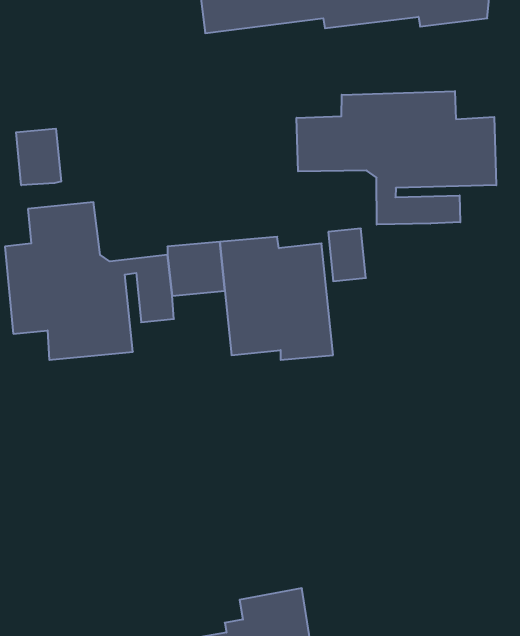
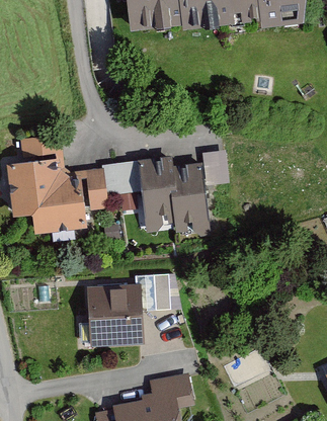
building: [297,91,496,225] -> none
building: [16,129,61,185] -> none
building: none -> [89,275,169,347]

